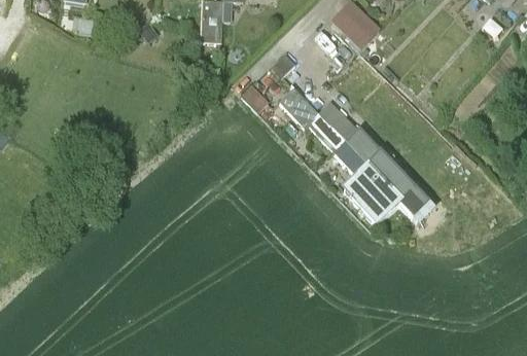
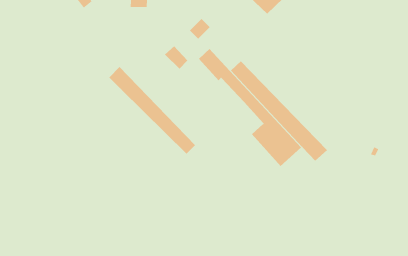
building: none -> [109,66,196,155]

